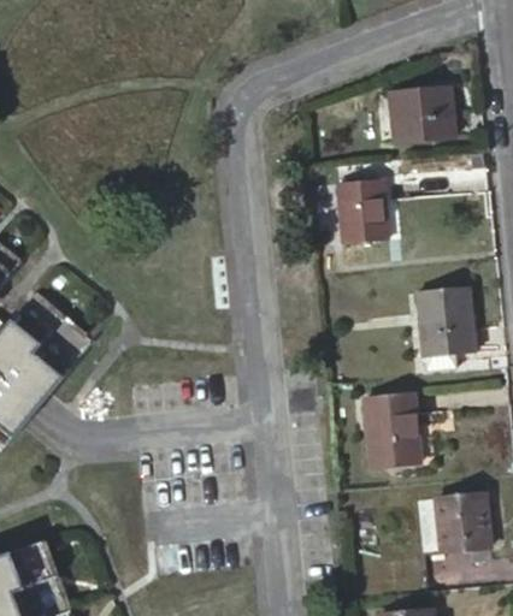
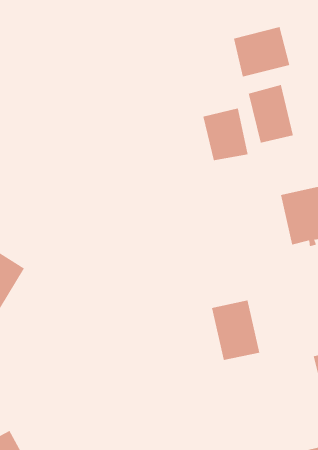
building: none -> [248,84,294,144]
building: [366,396,419,467] -> [211,300,260,361]

